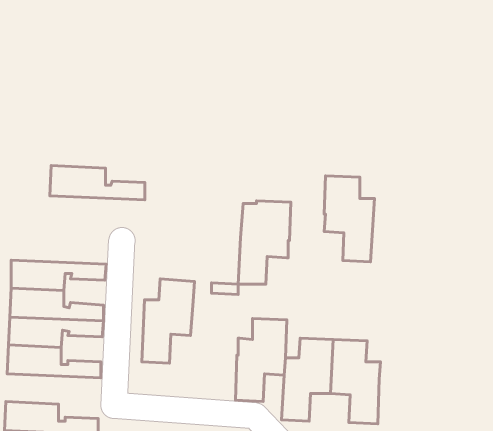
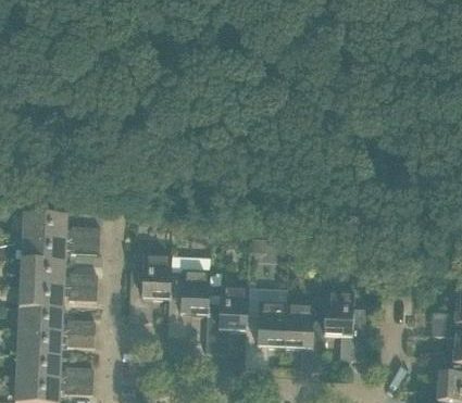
building: [50,165,145,200] -> [21,213,99,241]
building: [324,176,374,262] -> [324,290,365,361]
building: [238,201,291,284] -> [166,269,210,338]
building: none -> [16,331,95,356]

